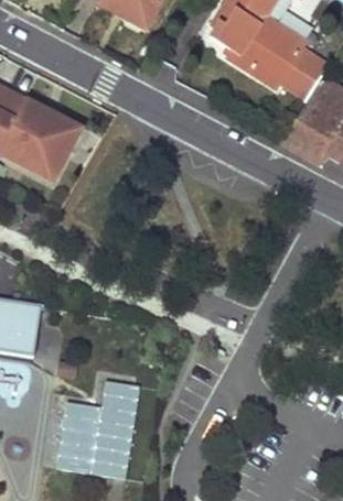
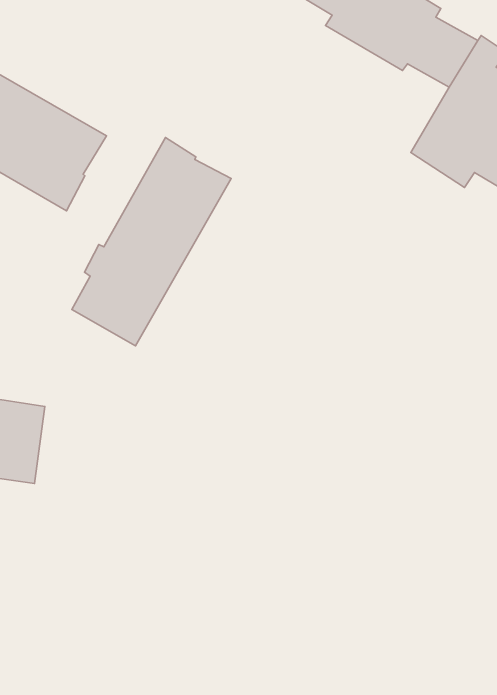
building: none -> [72,137,231,346]
building: [56,379,140,478] -> none

